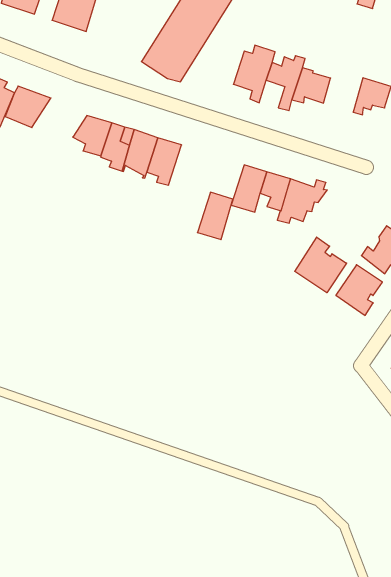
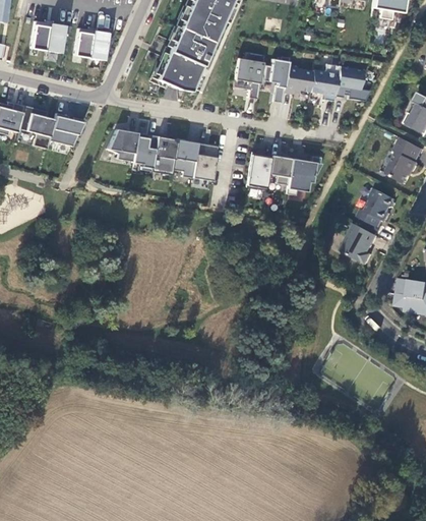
building: none -> [310,64,340,102]
building: [197,192,233,240] -> [192,143,218,181]
building: [295,237,347,293] -> none

